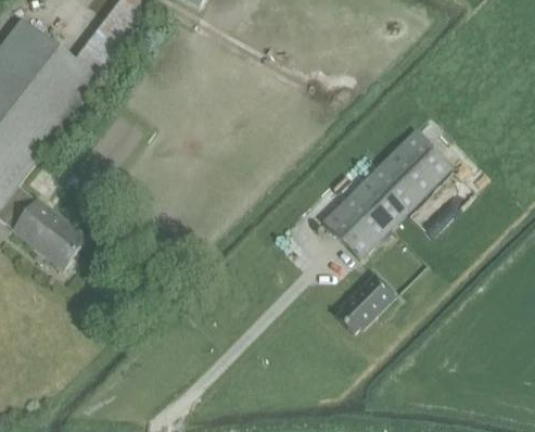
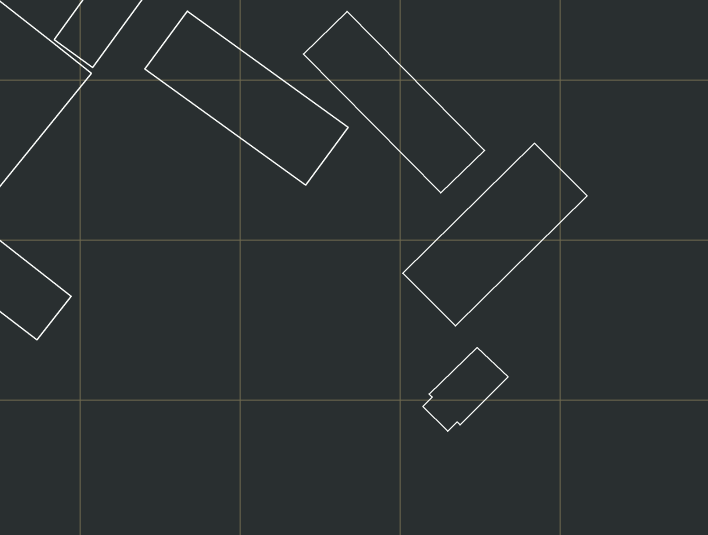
building: none -> [145,11,348,185]
building: none -> [303,11,485,193]

